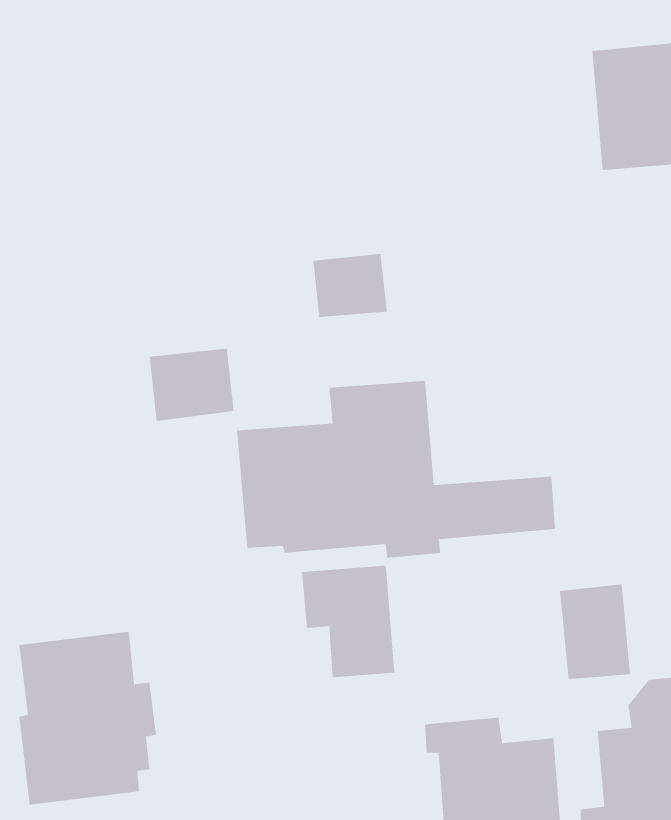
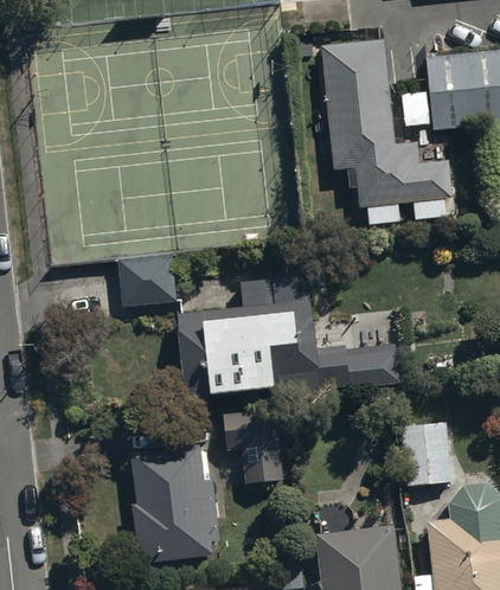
building: none -> [318,40,454,207]
building: [313,253,387,318] -> none
building: [18,631,157,805] -> [132,445,227,566]

